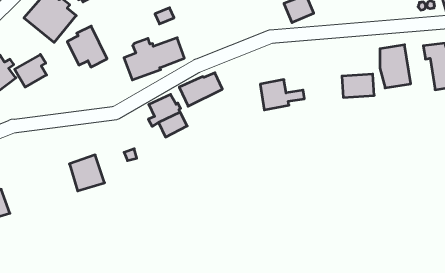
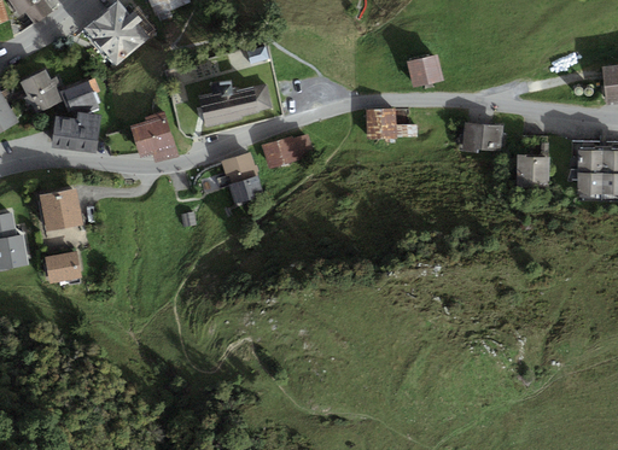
building: [67,26,107,67] -> [132,111,177,162]
building: [342,74,374,97] -> [464,122,505,152]
building: [260,80,304,110] -> [366,107,418,141]
building: none -> [53,112,101,152]
building: [69,155,105,191] -> [42,188,82,229]
building: none -> [45,250,82,284]

